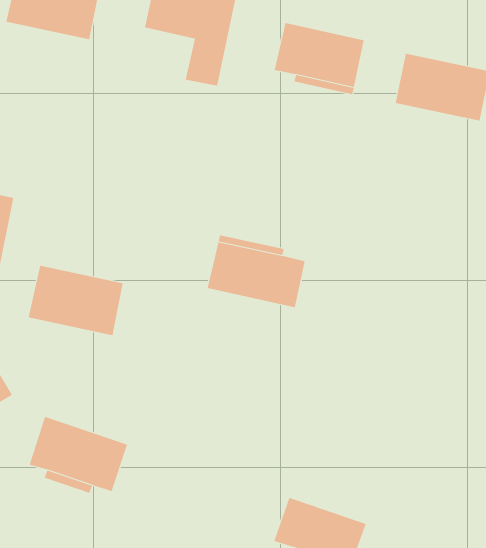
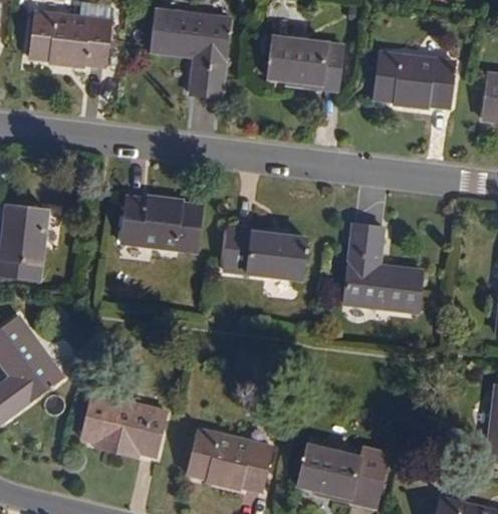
building: none -> [345,224,423,310]
building: [28,265,124,336] -> [120,197,201,252]
building: none -> [191,430,273,490]

